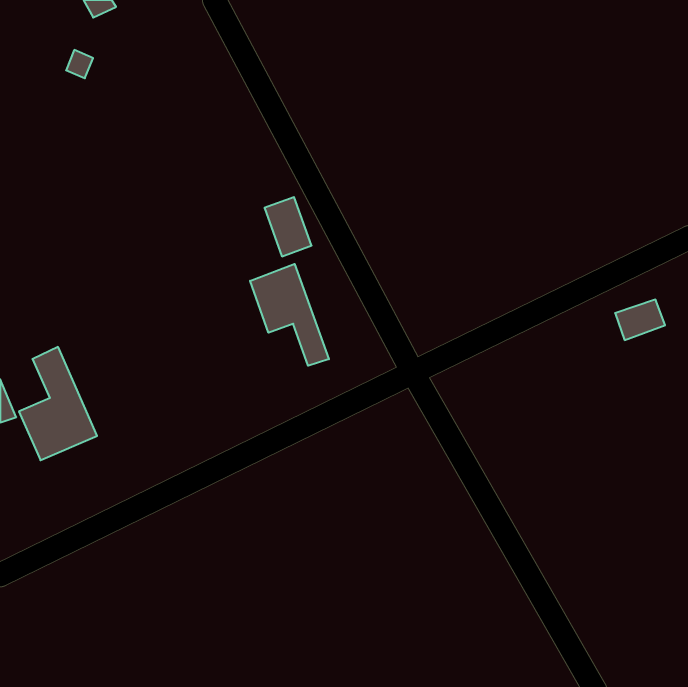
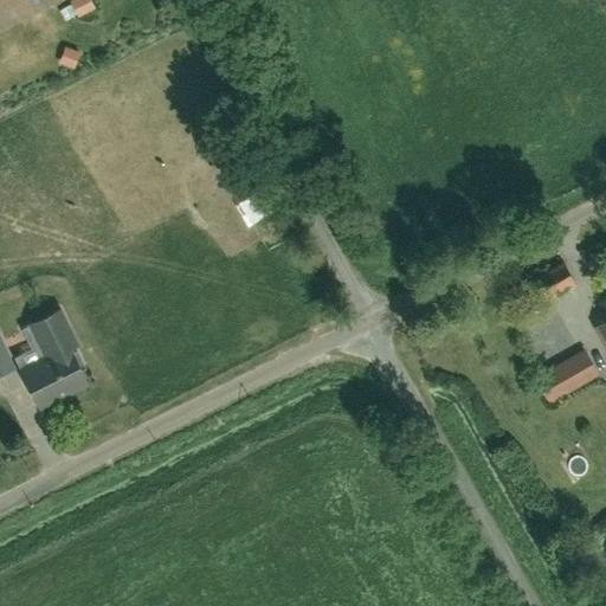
building: [250,264,329,366] -> none
building: none -> [541,353,594,397]

